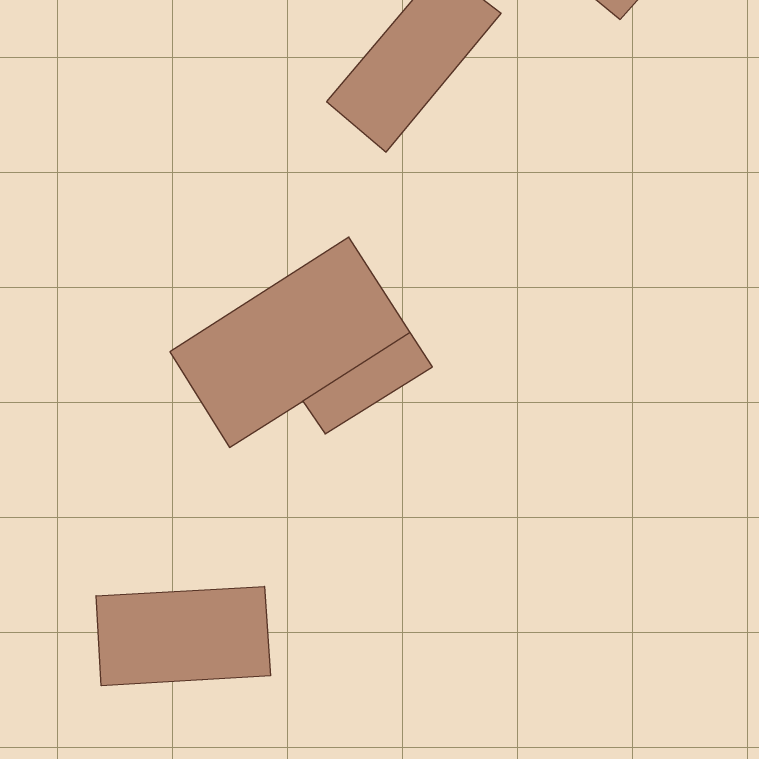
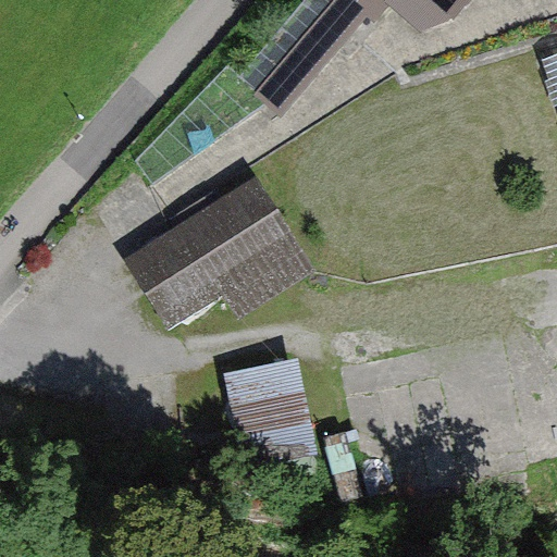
building: none -> [228,363,311,472]
building: [96,586,270,686] -> none

